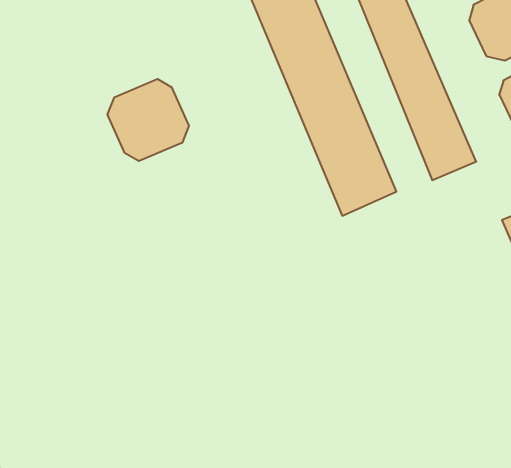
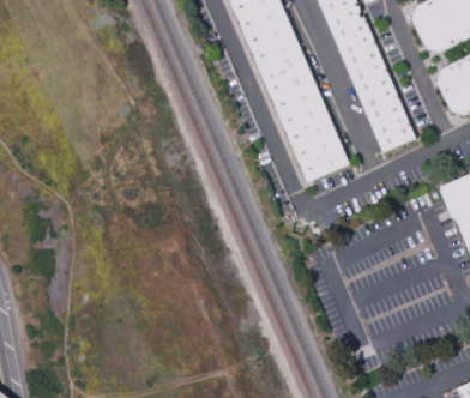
building: [108,79,189,161] -> none

